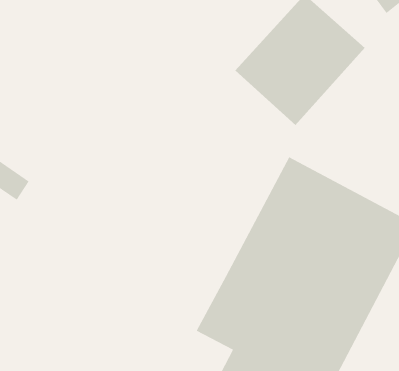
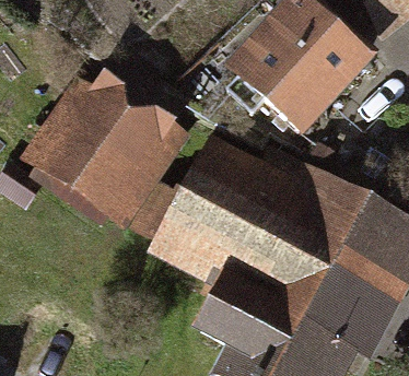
building: none -> [47,57,189,212]
building: none -> [137,145,294,279]

